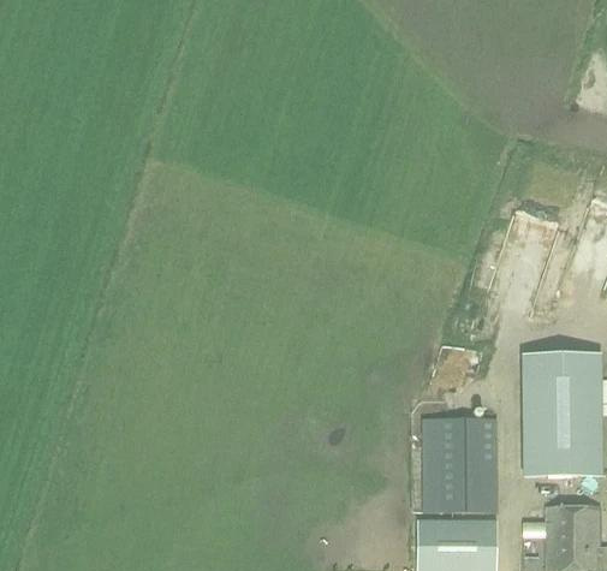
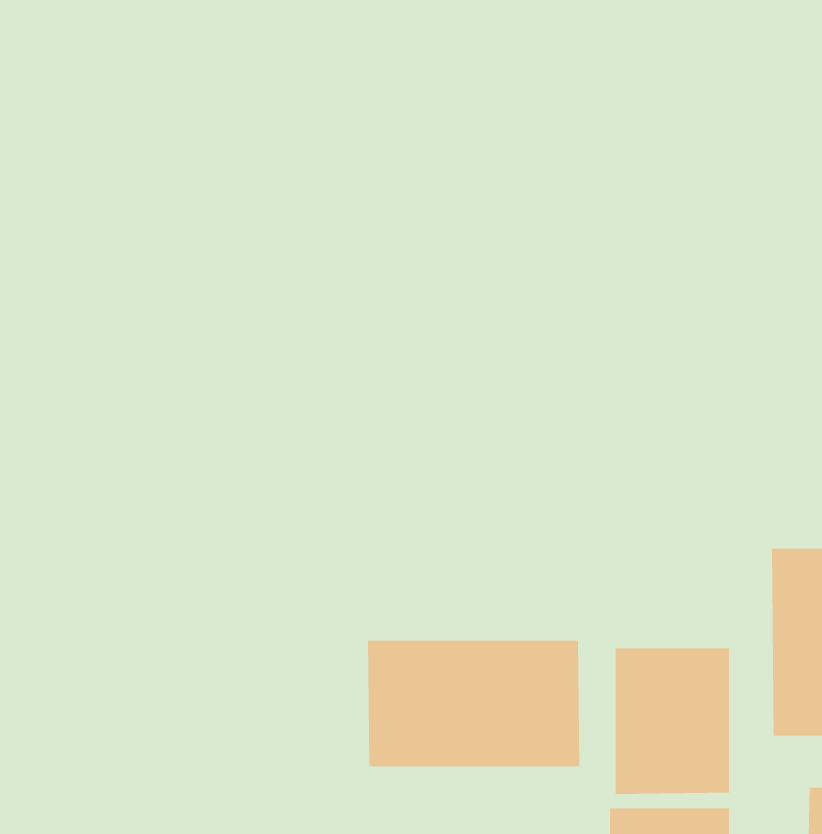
building: none -> [367,640,580,767]

